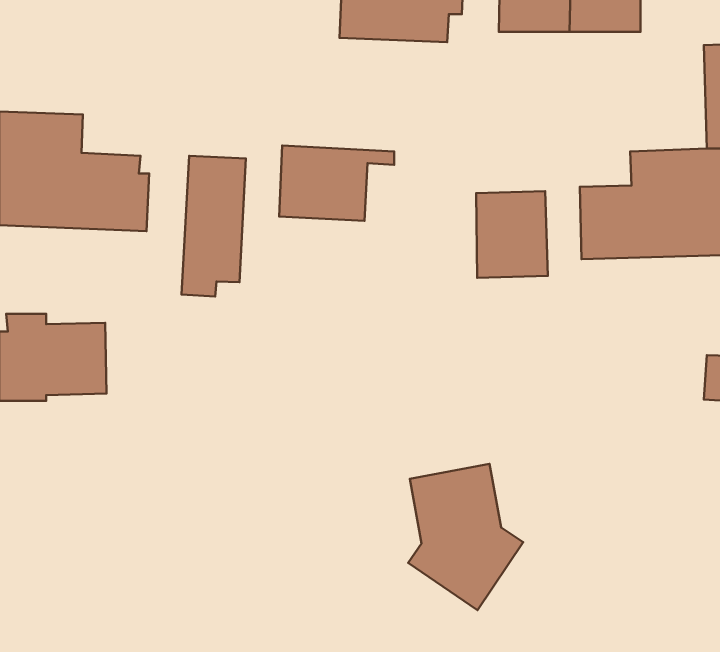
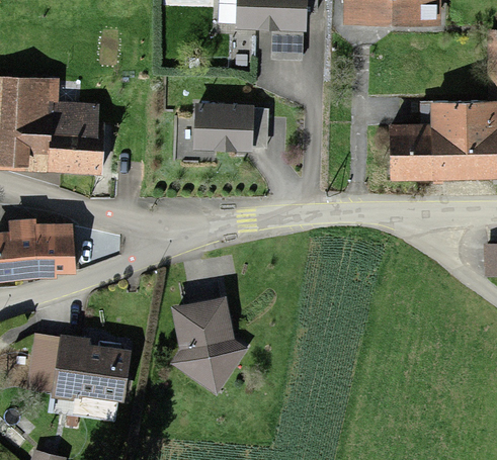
building: [182,156,246,297] -> none
building: [476,191,548,278] -> none
building: [408,464,523,610] -> [170,295,249,395]
building: none -> [25,334,128,423]

